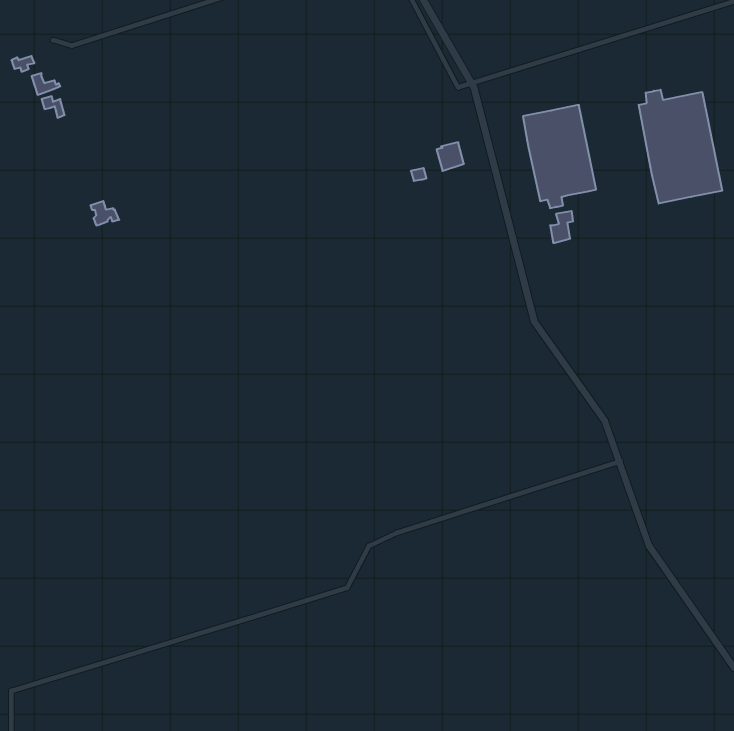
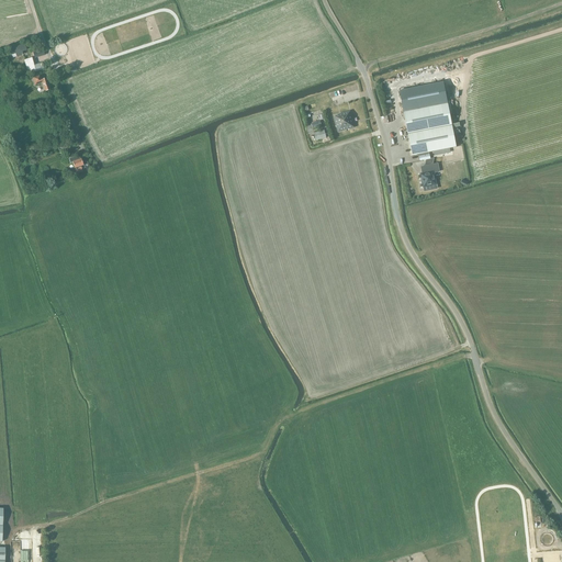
building: [639,90,722,204] -> none

